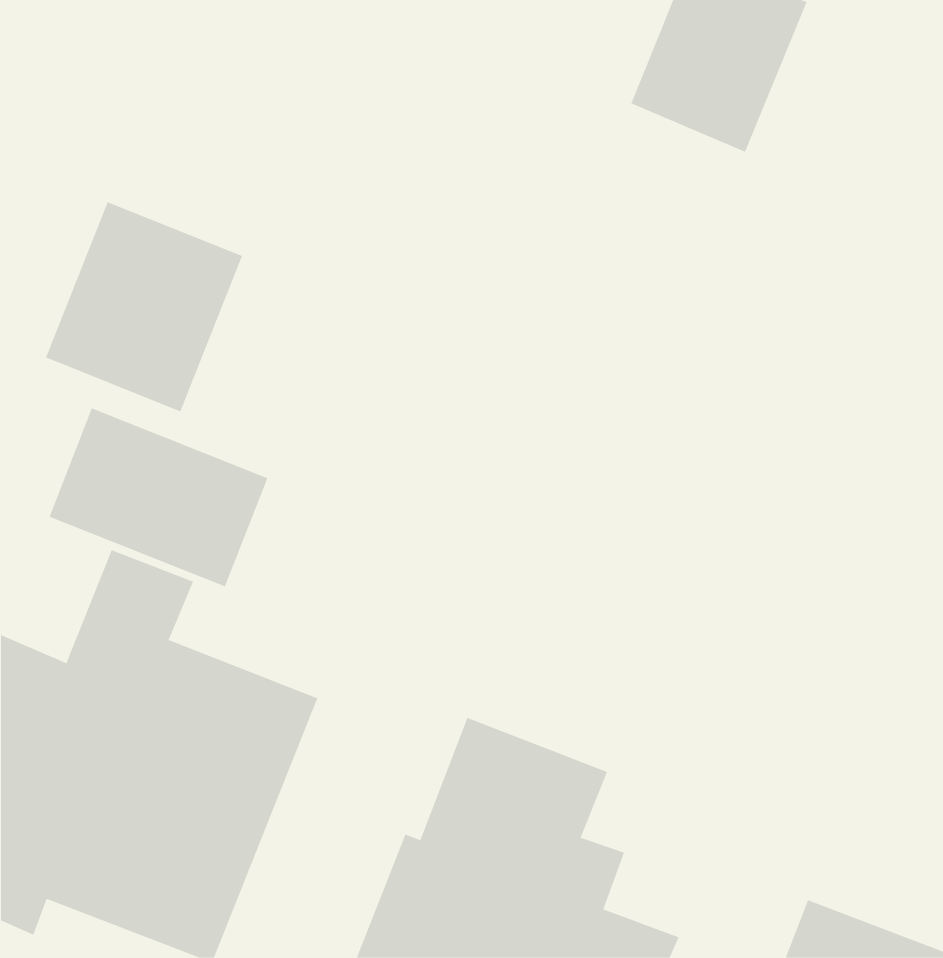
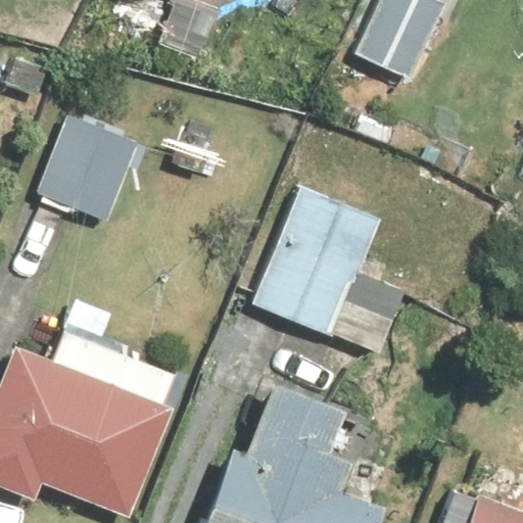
building: none -> [248,184,402,361]
building: [49,408,268,587] -> none

